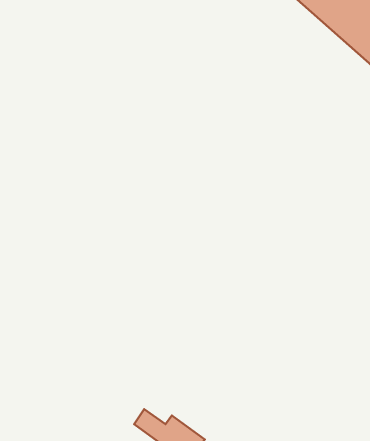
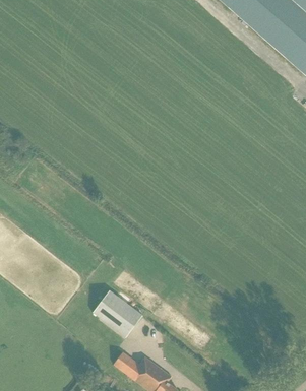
building: none -> [95,290,142,335]

